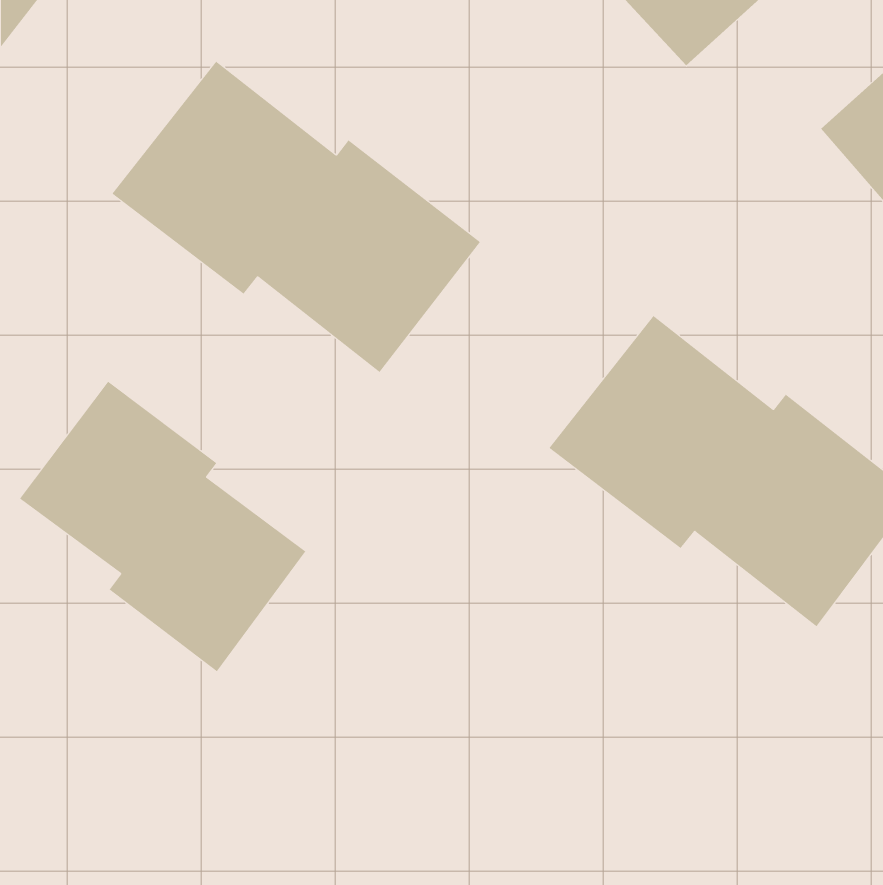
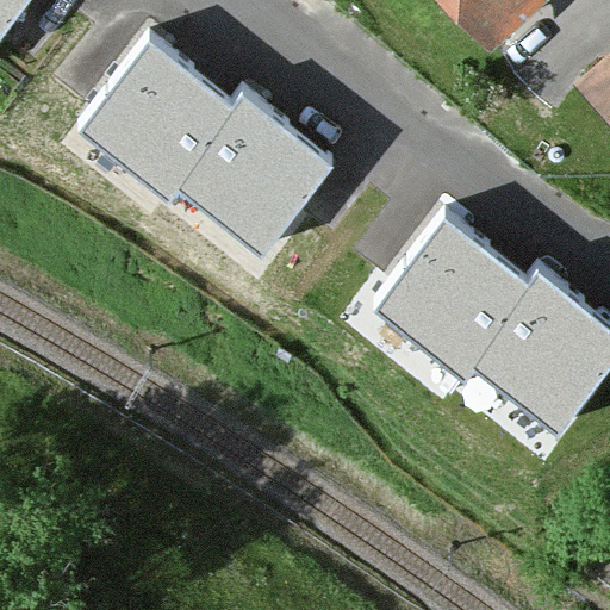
building: [19,381,306,672] -> none

